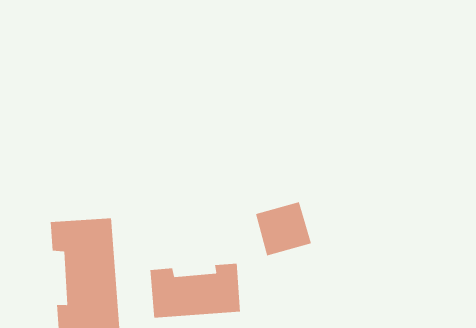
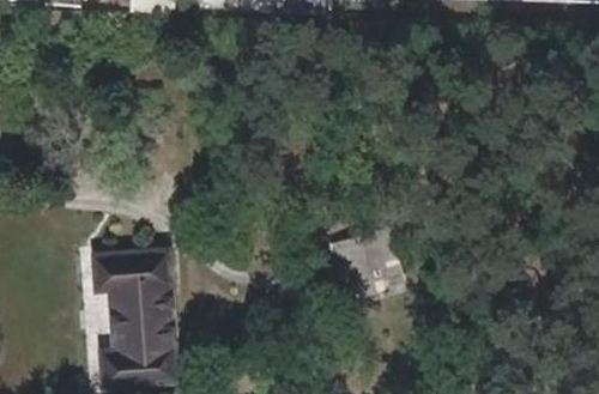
building: [150,263,240,319] -> none

